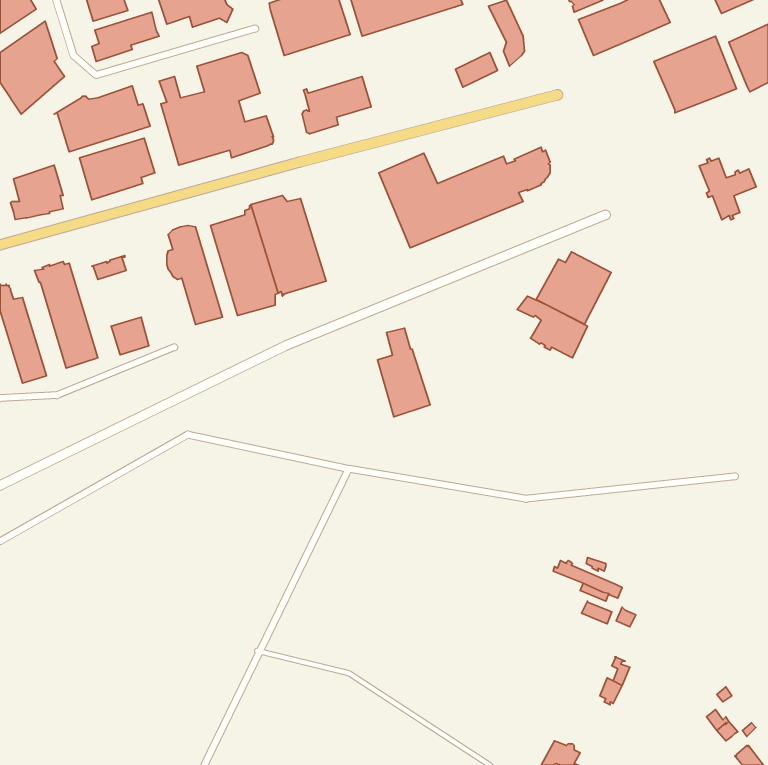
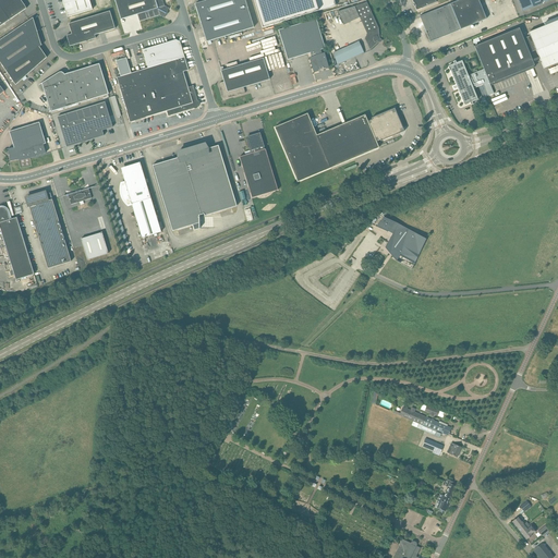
building: none -> [279,17,328,70]
building: [699,158,756,220] -> [448,59,489,104]
building: [536,252,611,324] -> none
building: [377,328,430,417] -> [240,132,278,196]

